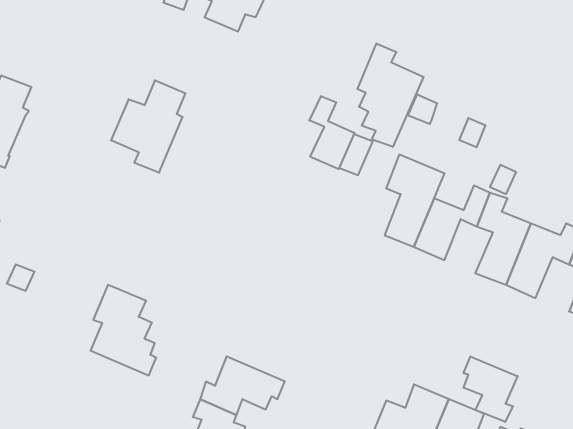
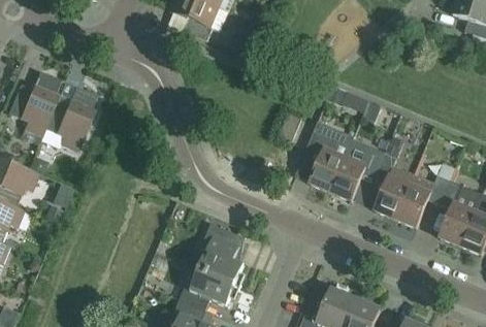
building: [358,43,424,147] -> none
building: [111,80,186,173] -> [44,85,97,150]
building: [309,96,354,169] -> none
building: [90,285,156,375] -> [198,222,245,286]
building: [463,356,518,422] -> none

